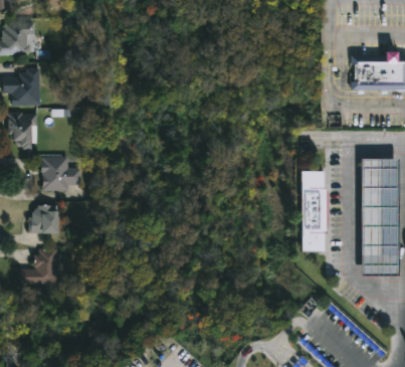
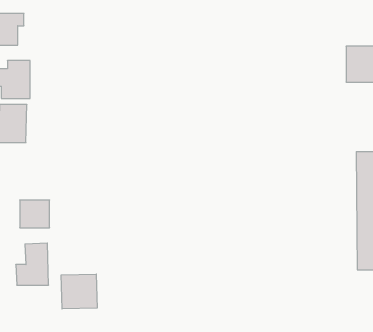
building: [43,156,82,189] -> none
building: [300,171,327,249] -> none
building: none -> [61,274,97,309]

